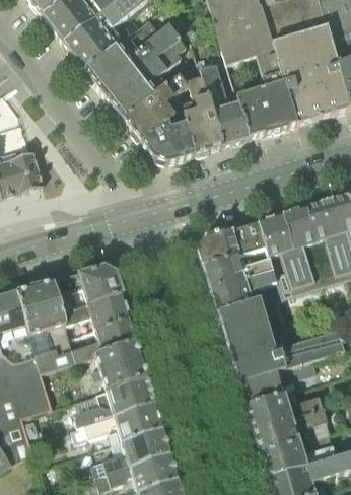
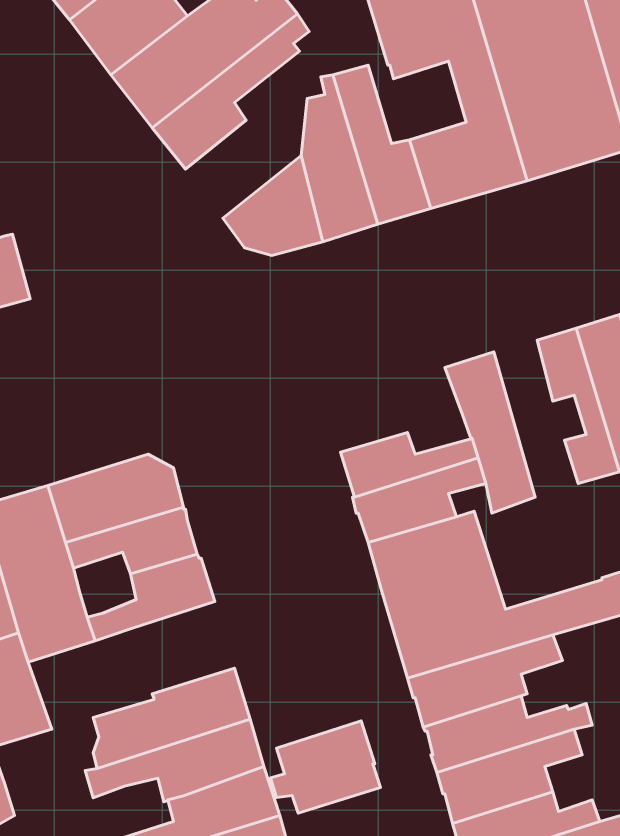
building: [121,72,184,142] -> none
building: [280,205,324,286] -> none
building: [196,219,264,263] -> none
building: [89,340,146,387] -> [271,721,381,813]

